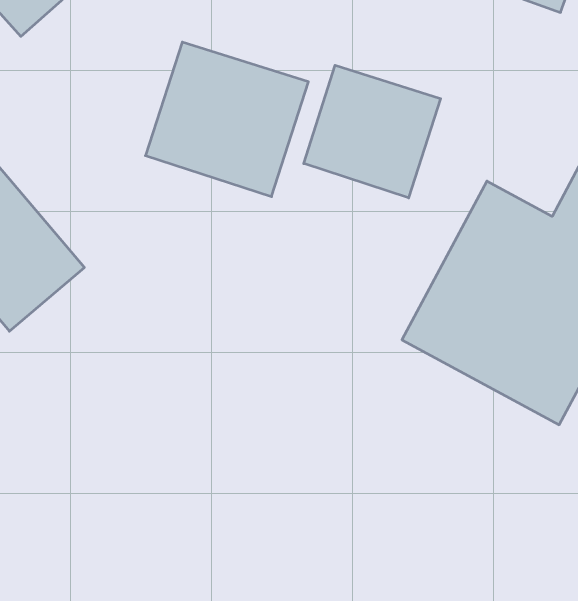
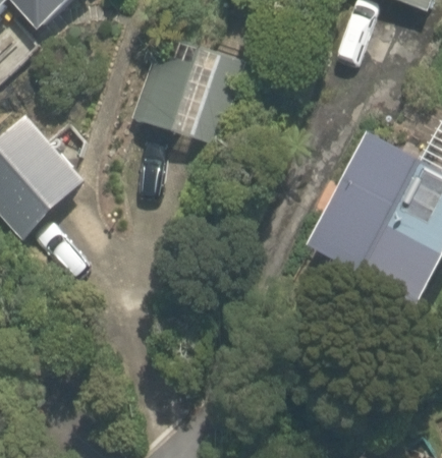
building: [304,65,441,198] -> none

